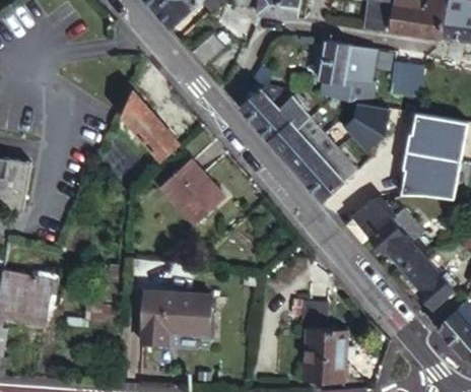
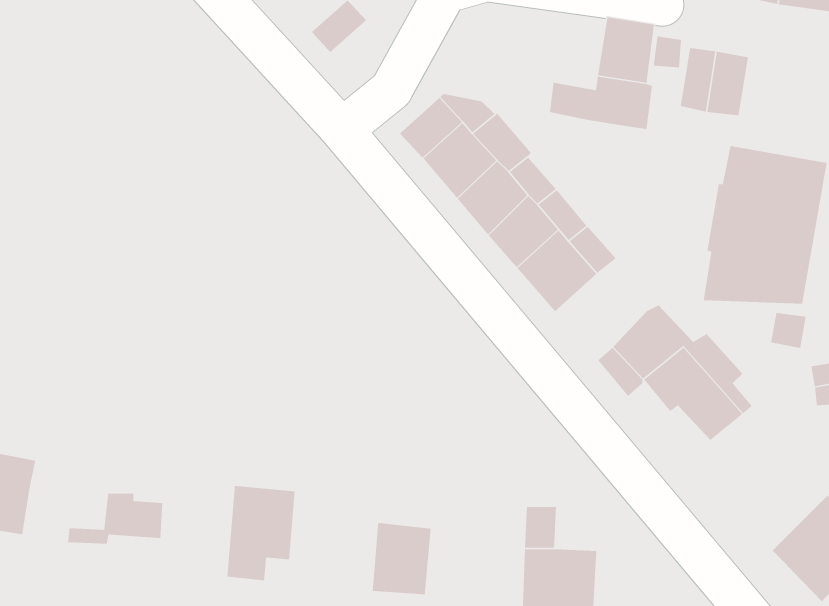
building: [320,41,350,83] -> none
building: [120,89,179,160] -> none
building: [344,103,388,150] -> none
building: [161,158,224,221] -> none
building: [405,255,452,307] -> none
building: [183,296,214,334] -> [372,522,431,595]

